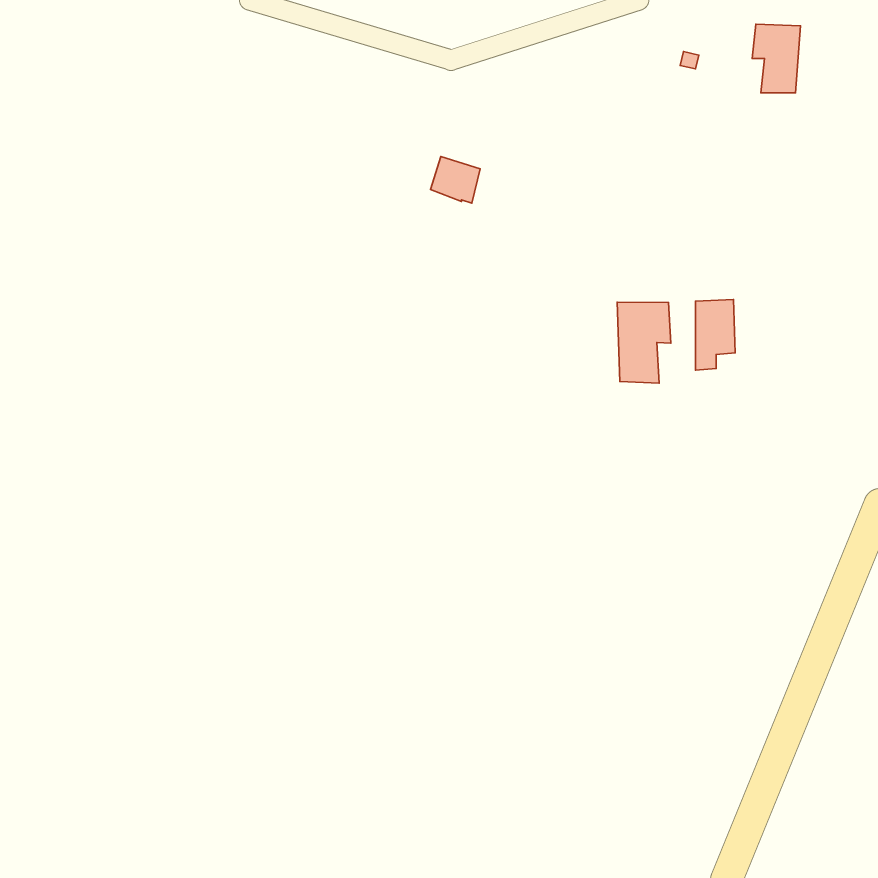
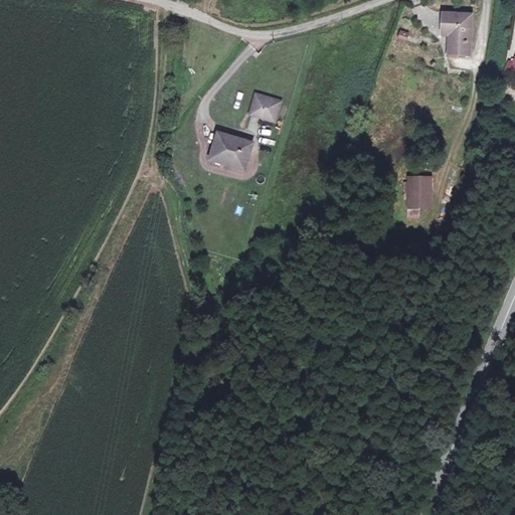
building: none -> [212,132,251,164]
building: [617,302,671,383] -> none

